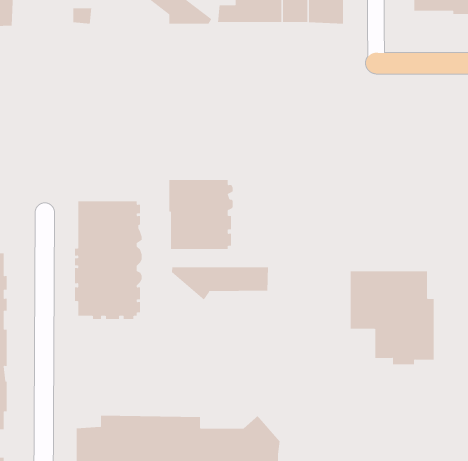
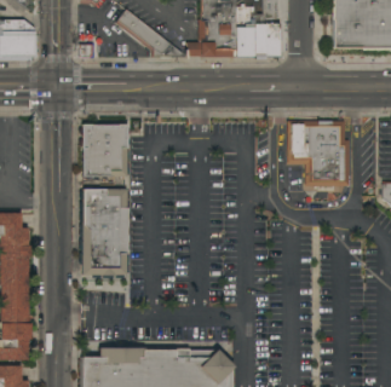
building: [168,180,233,249] -> [82,123,131,175]
building: [171,267,268,300] -> none
building: [350,271,434,365] -> [287,120,350,190]

